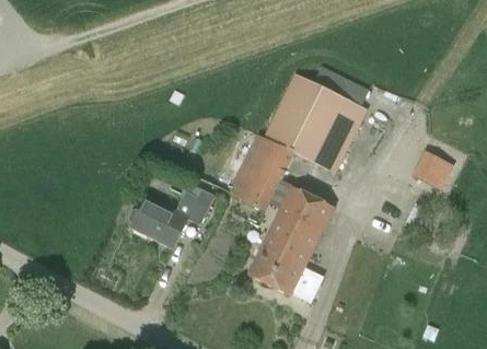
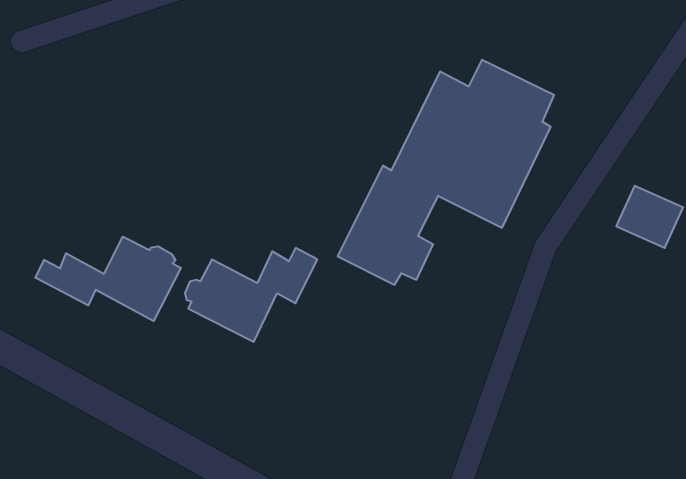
building: none -> [35,237,181,321]
building: [247,186,334,295] -> none

